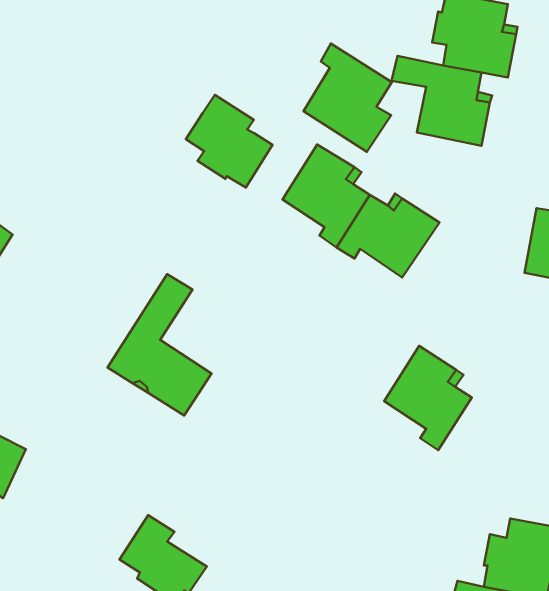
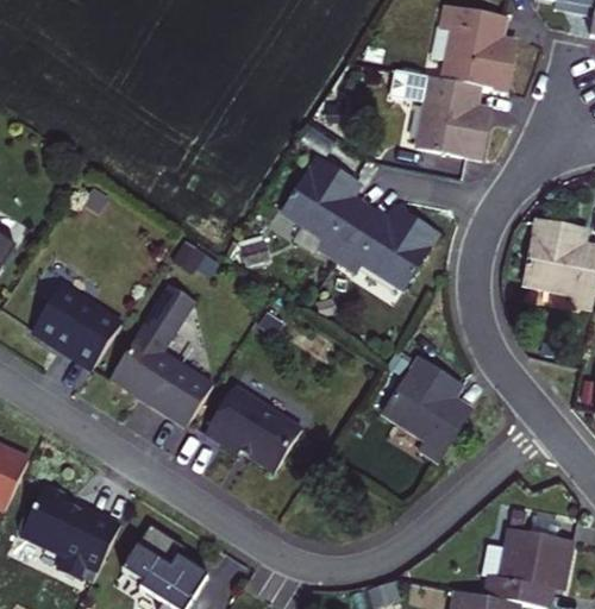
building: [303,43,392,152] -> none
building: [186,95,273,187] -> none
building: none -> [32,284,121,366]
building: none -> [205,385,301,471]
building: none -> [19,482,120,580]

